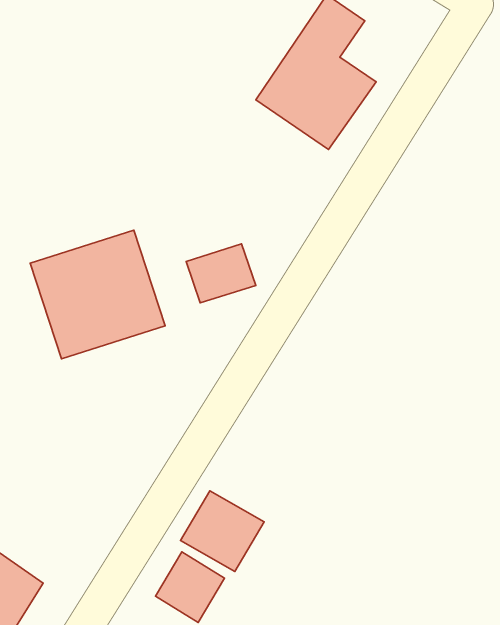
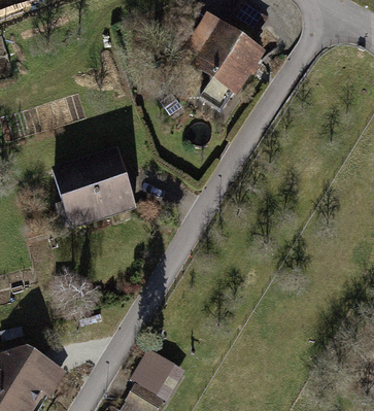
building: [186,244,256,303] -> none
building: [180,491,264,571] -> none

